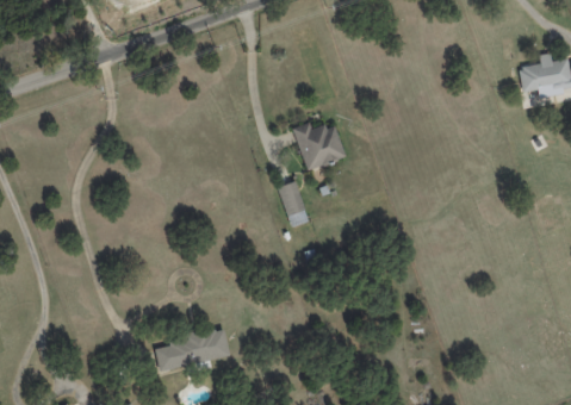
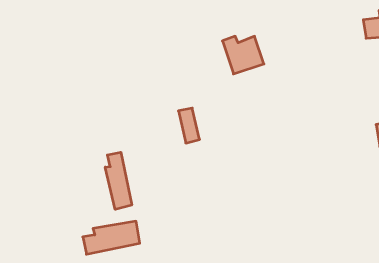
building: [292,122,346,170] -> [222,36,264,74]
building: none -> [105,152,132,209]

